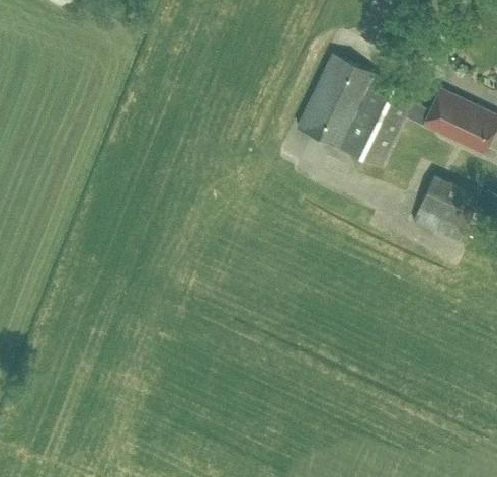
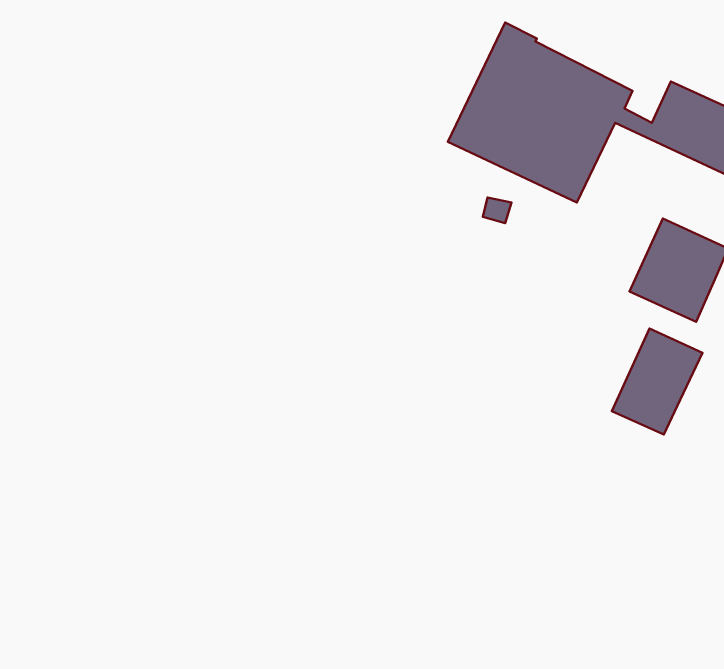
building: none -> [612,329,702,434]

